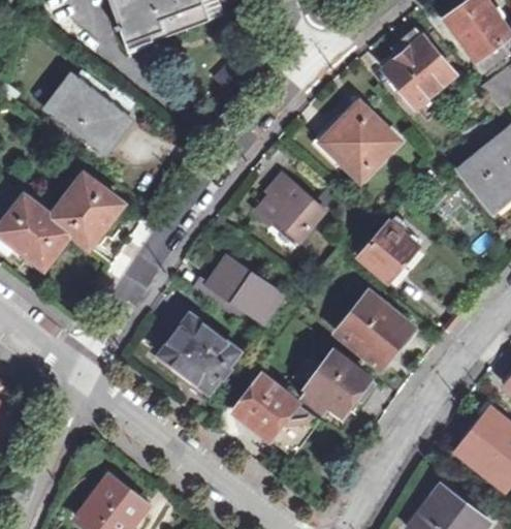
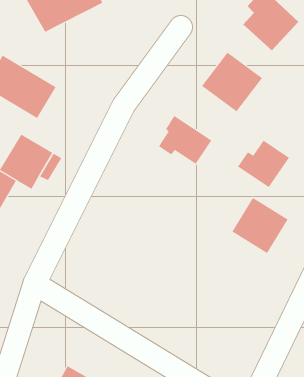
building: [193,257,282,320] -> none
building: [158,312,239,392] -> none
building: [304,350,374,413] -> none
building: [233,374,320,455] -> none

